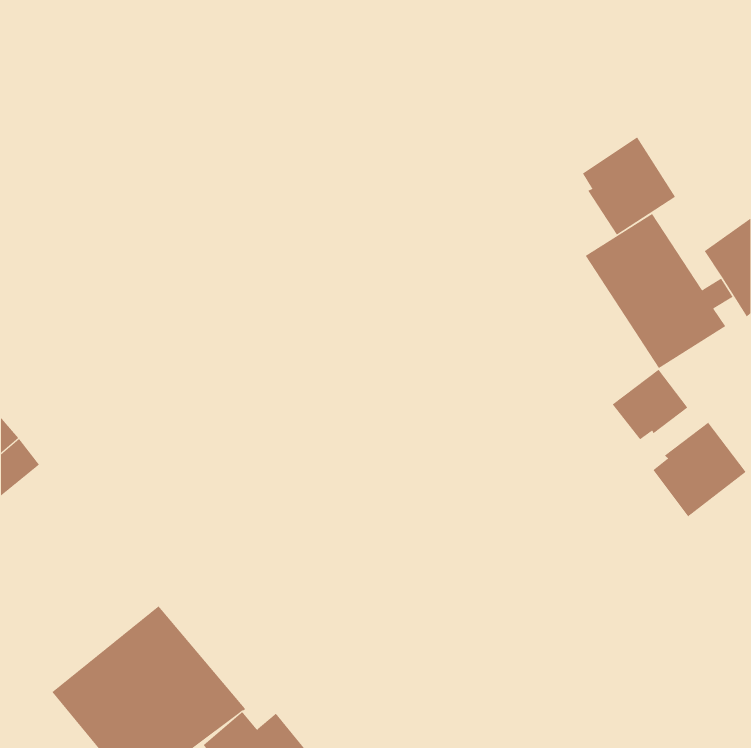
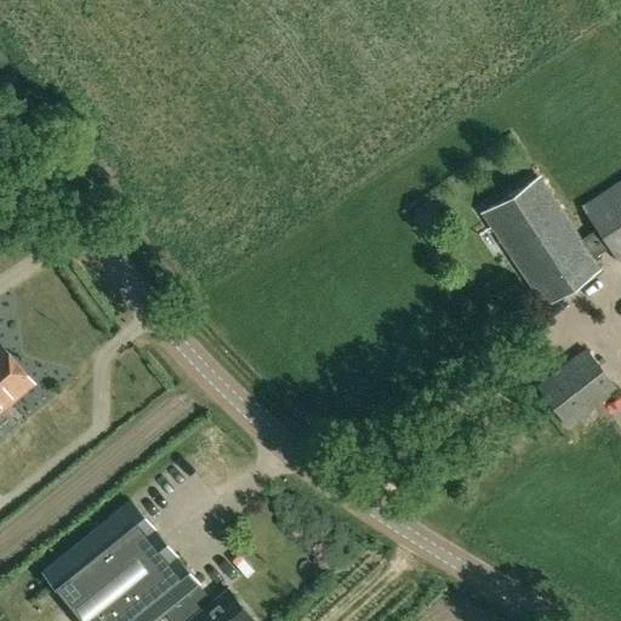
building: [582,137,676,236] -> none
building: [612,369,688,440] -> none

